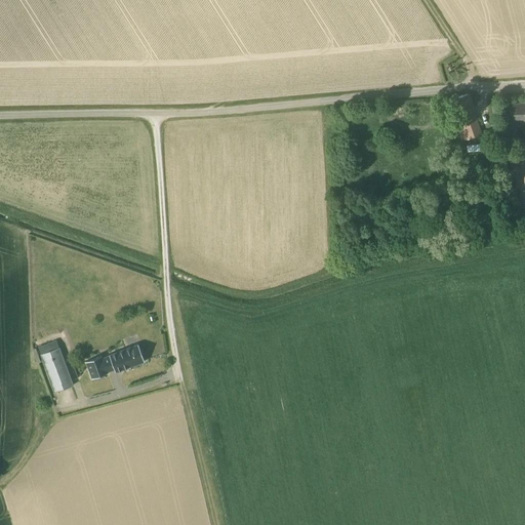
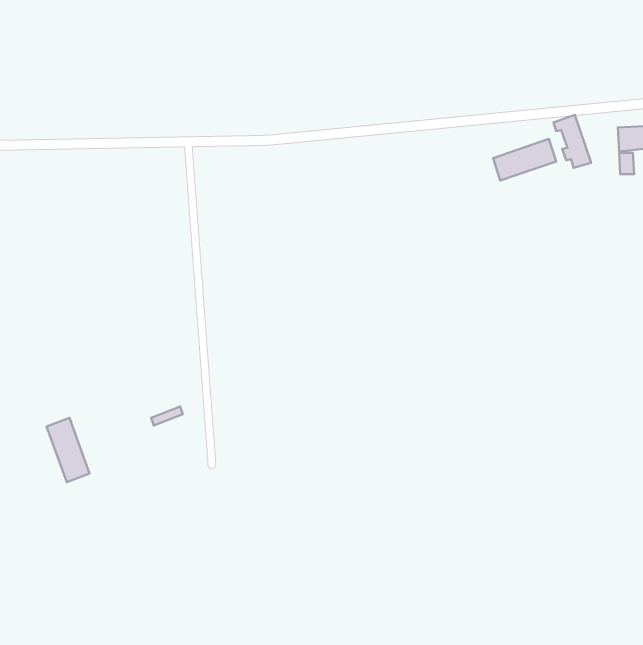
building: none -> [493,139,556,180]
building: [86,344,146,377] -> none

